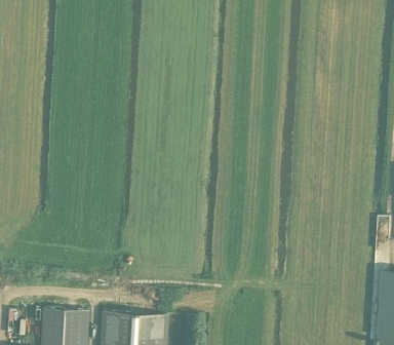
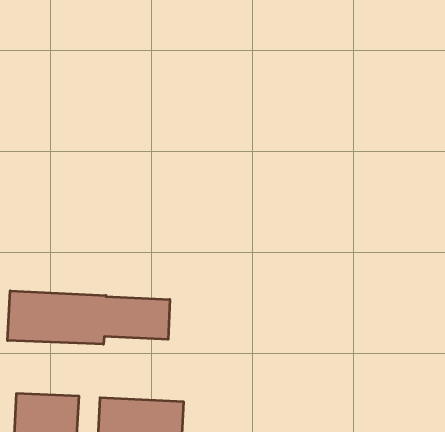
building: none -> [8,291,170,344]

